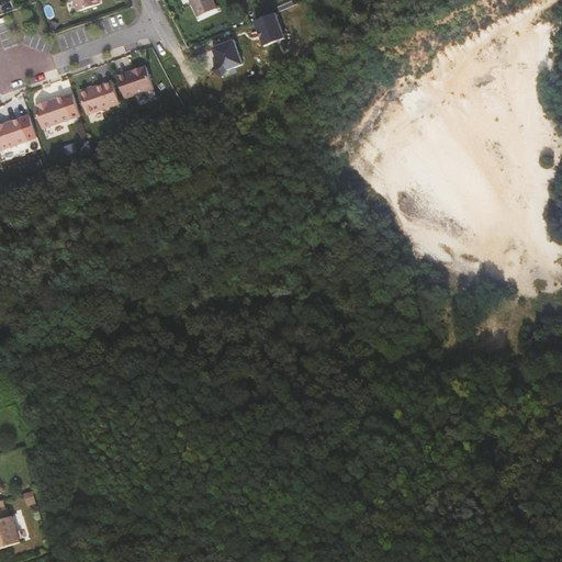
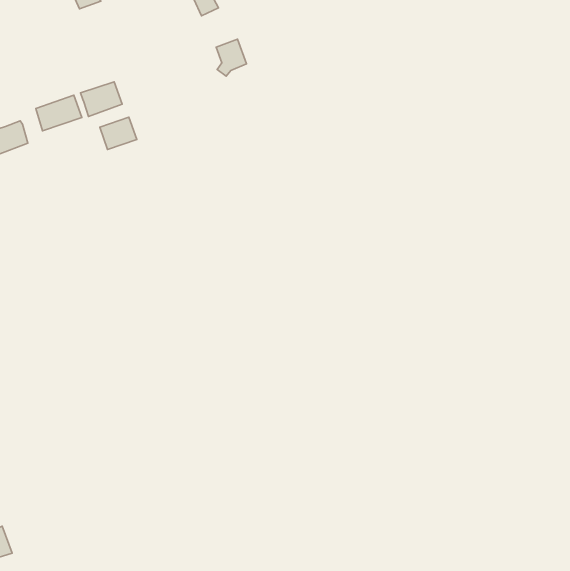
building: [255,12,284,45] -> none
building: [116,65,153,97] -> [100,117,137,150]

